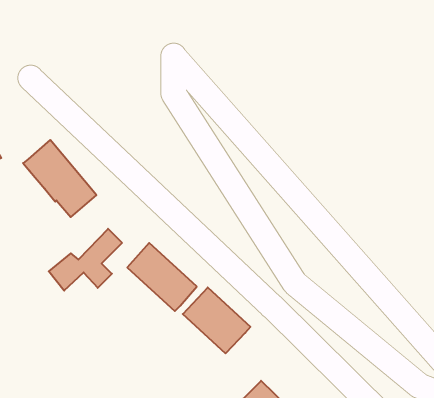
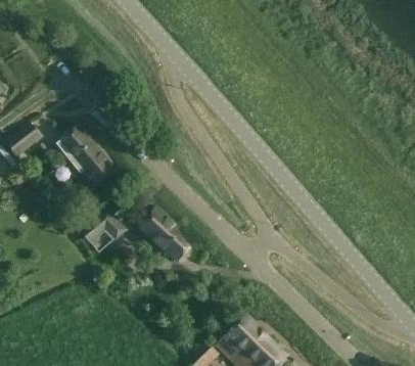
building: [183,287,250,353] -> none

